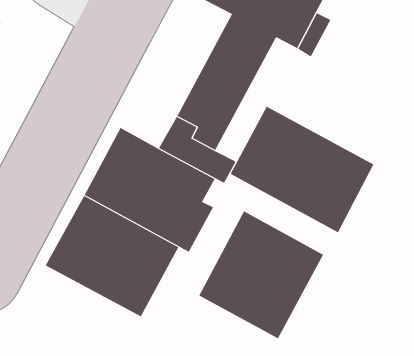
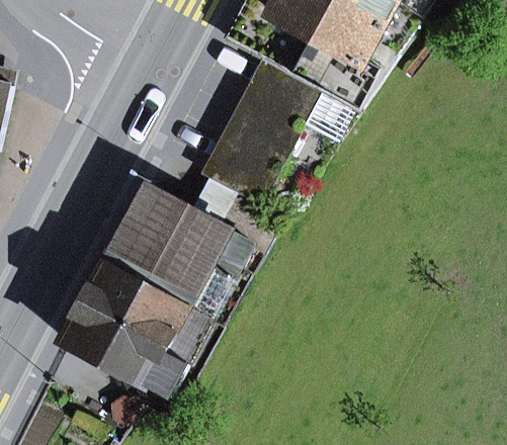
building: [230,106,374,233] -> none
building: [199,211,324,339] -> none

